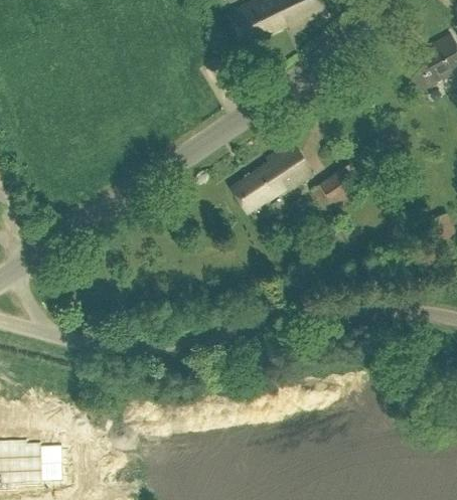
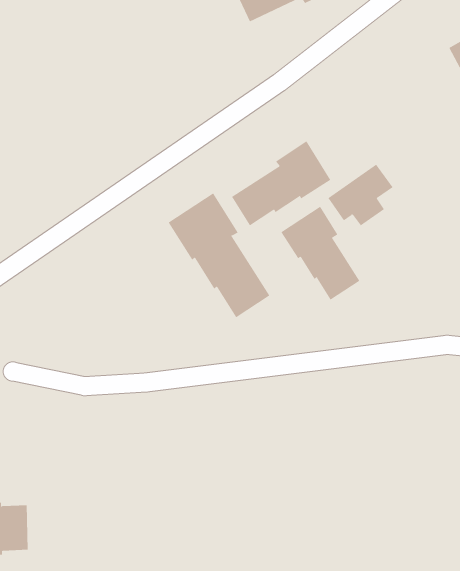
building: none -> [168,192,270,318]
building: none -> [281,206,360,300]

